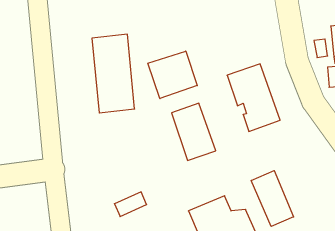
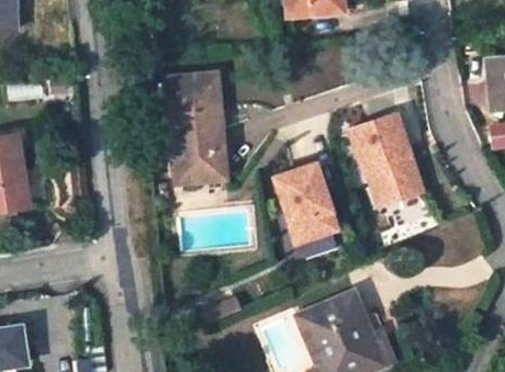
building: [148,51,197,99] -> none
building: [251,171,294,226] -> none

